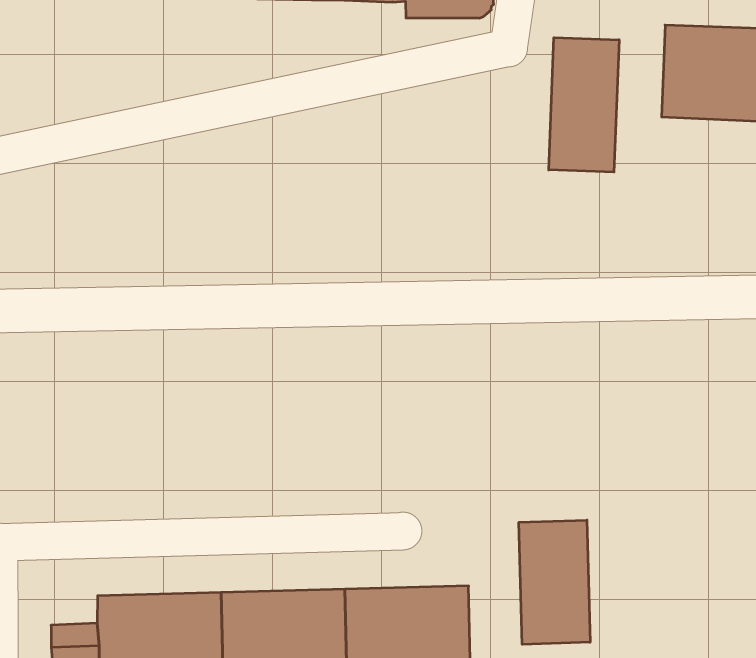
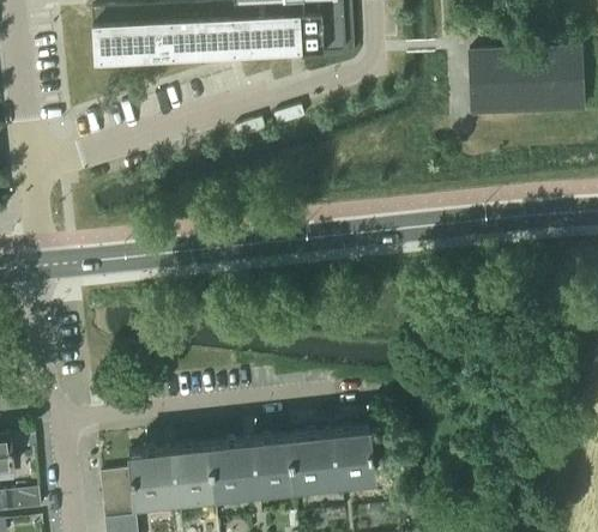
building: [549,38,619,172] -> none
building: [519,520,590,644] -> none

